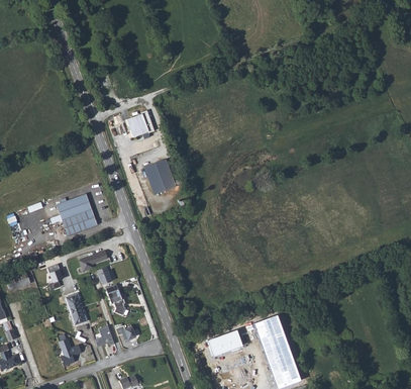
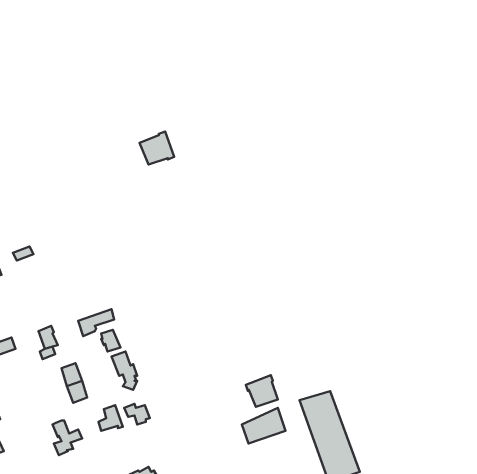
building: [145,160,177,194] -> none
building: [56,193,97,234] -> none
building: none -> [246,375,278,407]

